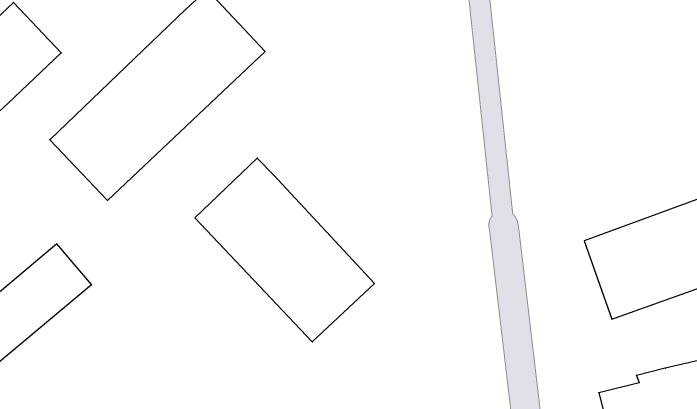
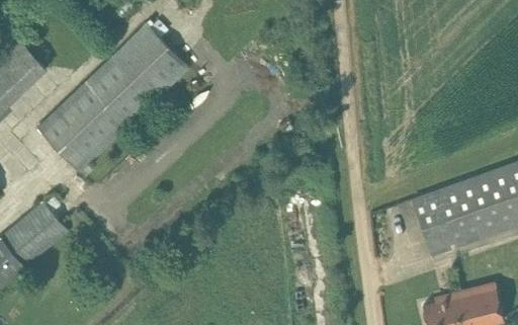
building: [195,158,374,342] -> none

